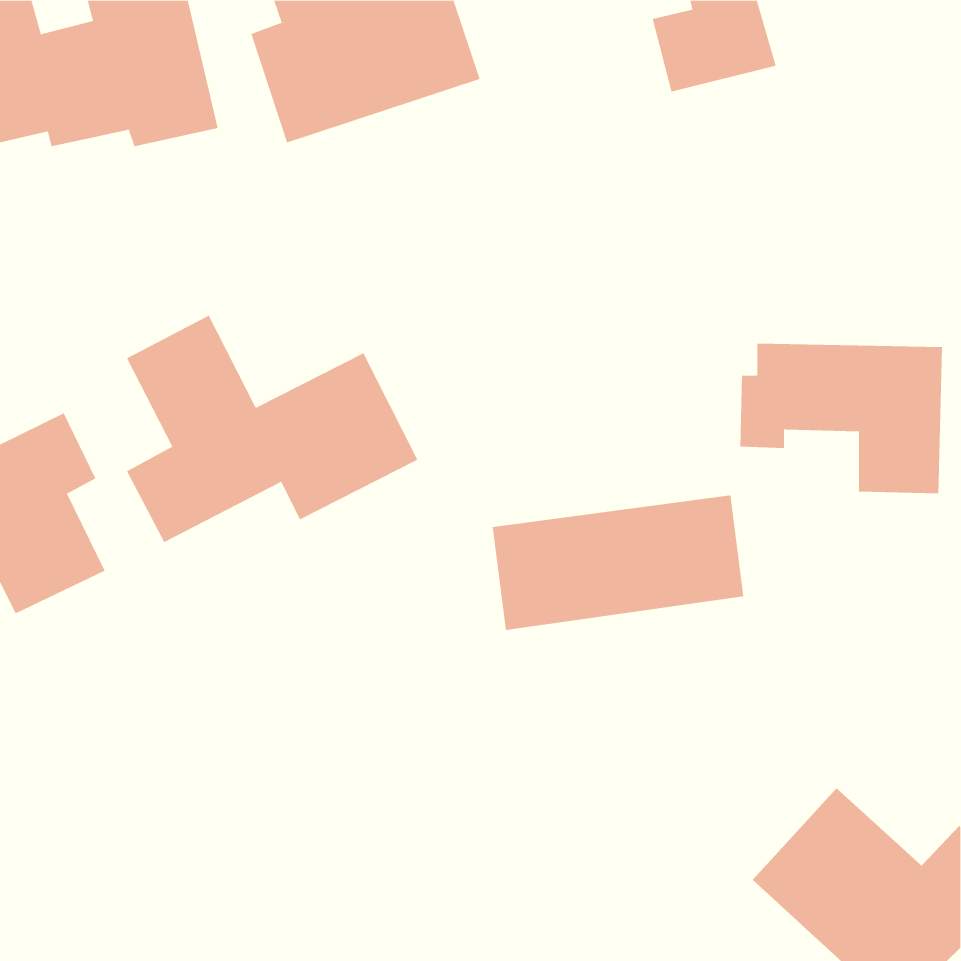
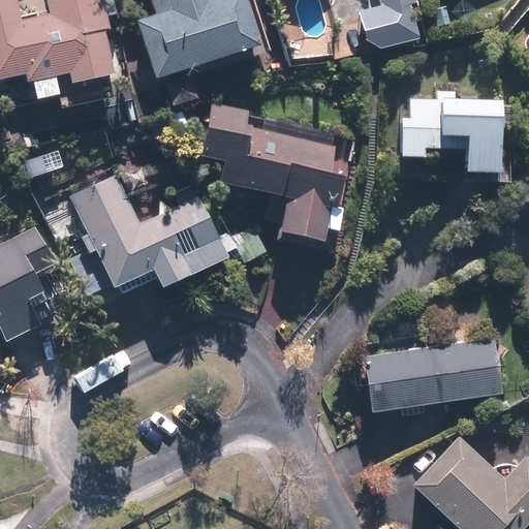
building: none -> [203,104,339,250]
building: [739,343,943,494] -> [401,99,512,182]
building: [492,495,744,630] -> [365,337,503,411]

